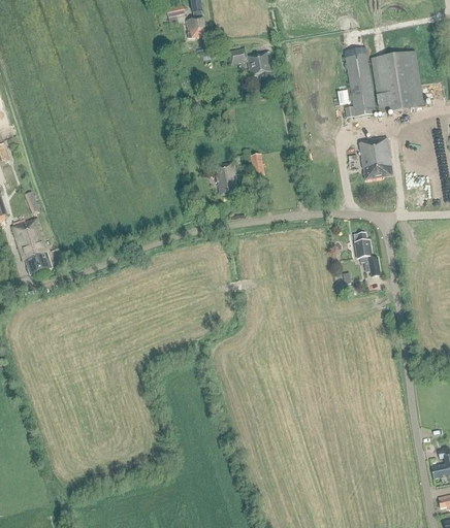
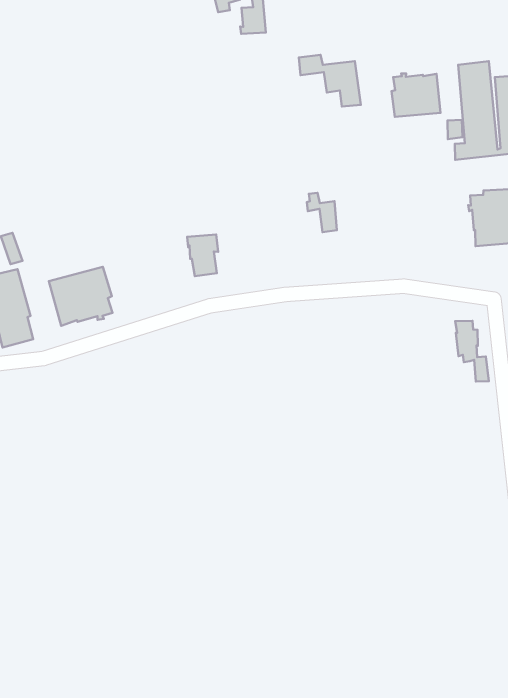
building: none -> [391,74,441,117]
building: [214,161,236,192] -> [187,234,218,276]
building: none -> [49,267,112,326]

